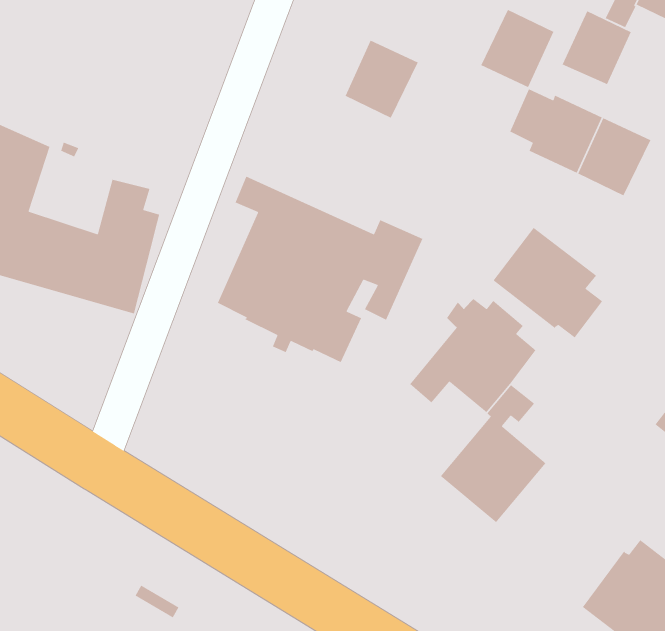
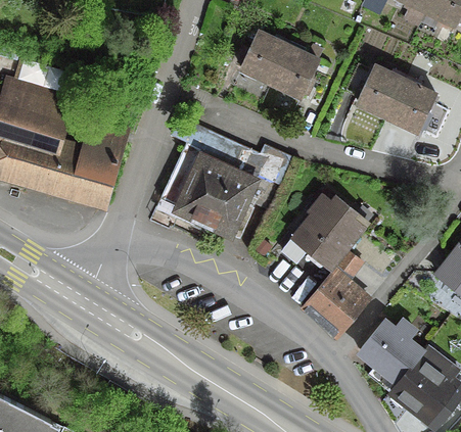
building: [480,9,554,88] -> [271,47,318,97]
building: [561,10,632,85] -> none
building: [493,227,603,338] -> none
building: none -> [361,322,422,392]

